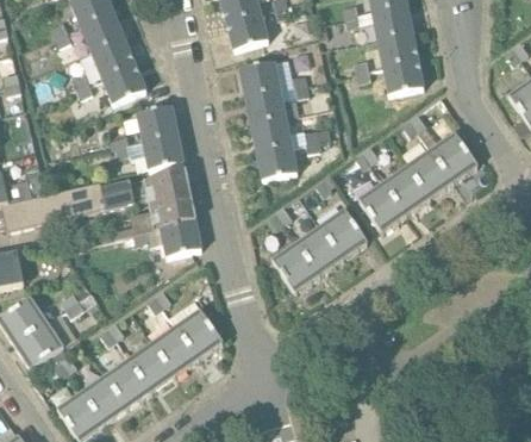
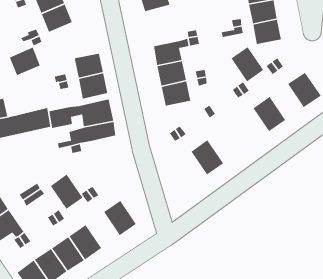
building: [239,61,281,97] -> none
building: [101,64,145,105] -> [9,47,41,76]
building: [406,149,452,199] -> [230,46,264,82]
building: [357,182,405,232] -> none
building: [320,208,367,259] -> none
building: [158,220,201,256] -> none
building: [271,242,319,292] -> none
building: [152,325,199,375] -> [50,174,83,210]

